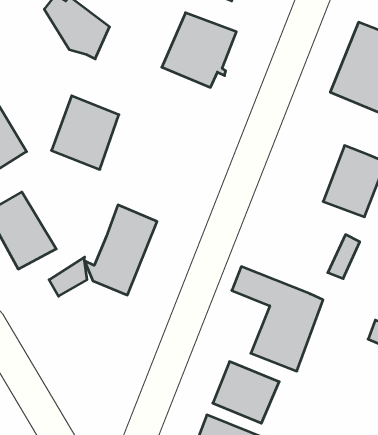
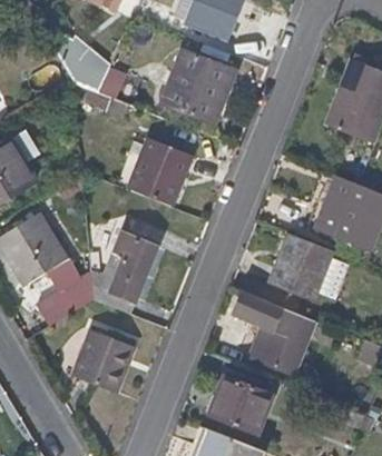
building: [51,96,119,169] -> [127,137,190,206]
building: none -> [267,230,330,299]
building: none -> [71,328,129,390]

